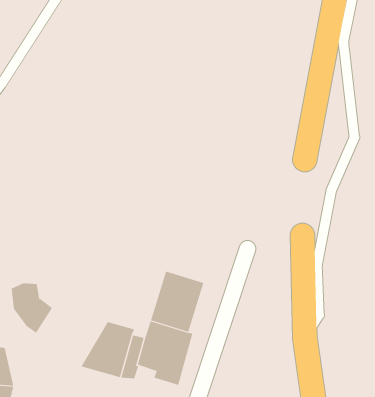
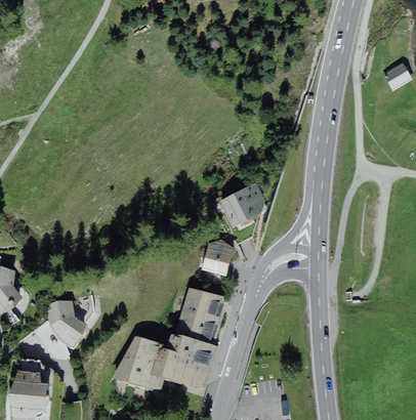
building: none -> [220,183,266,228]
building: none -> [203,242,234,277]

